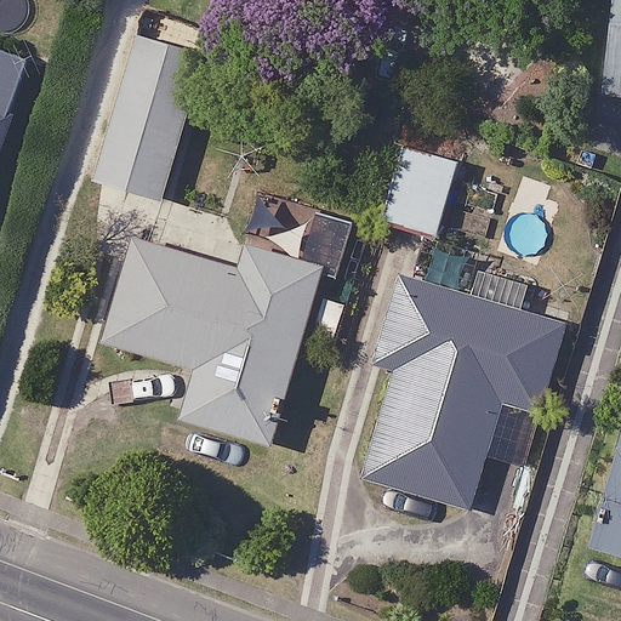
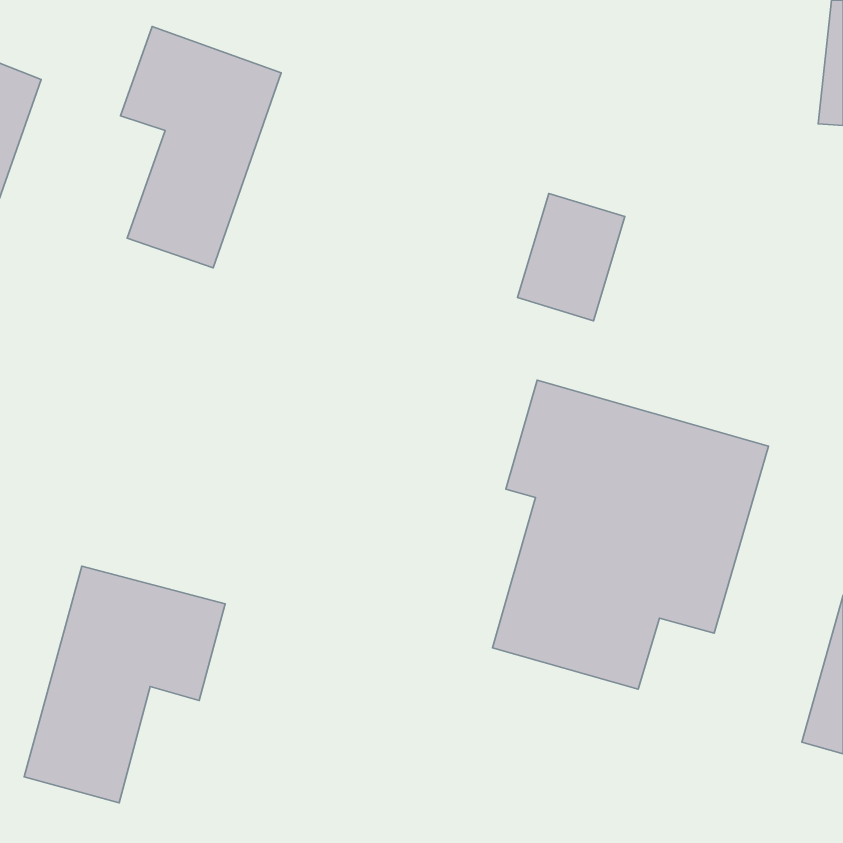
building: [108,240,319,443] -> none
building: none -> [24,566,225,803]

